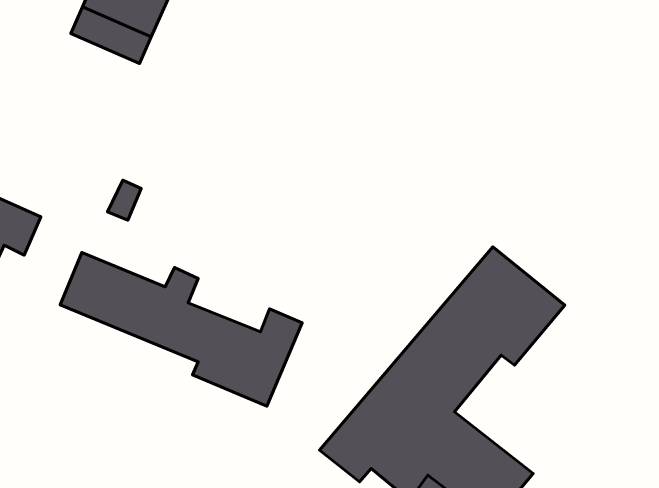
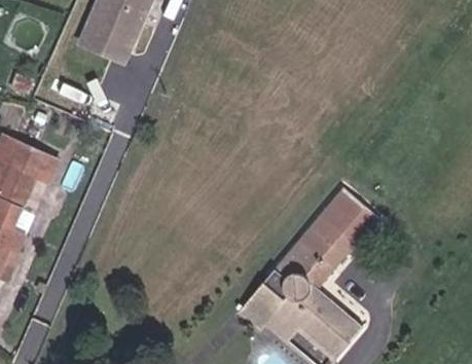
building: [60,252,302,406] -> none

